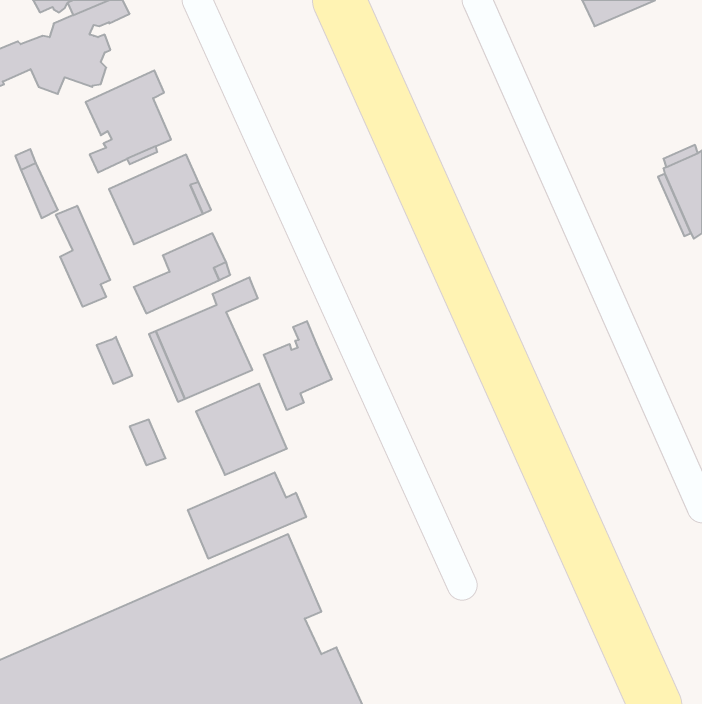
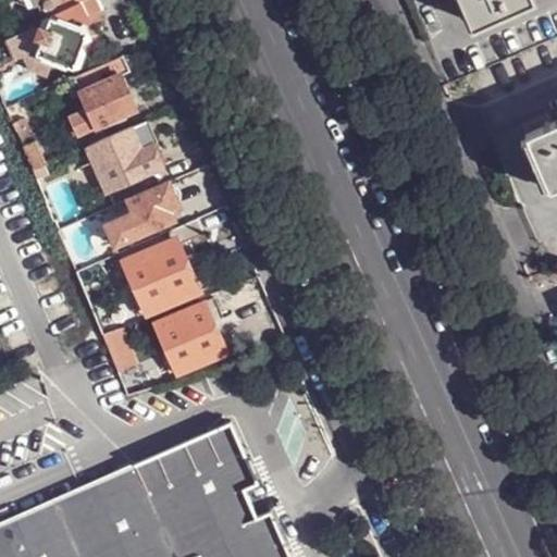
building: [56,206,110,307] -> none
building: [264,321,332,410] -> none
building: [188,472,306,559] -> none

